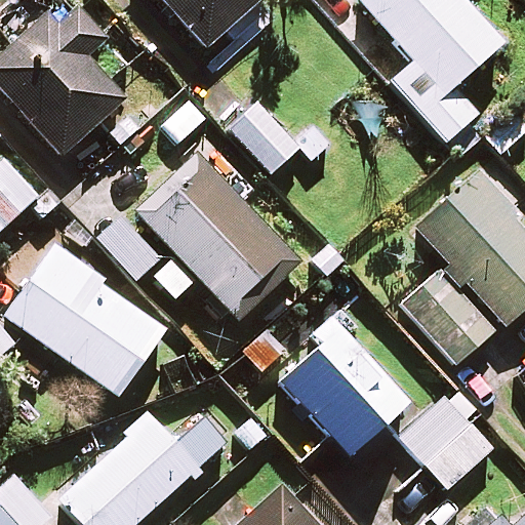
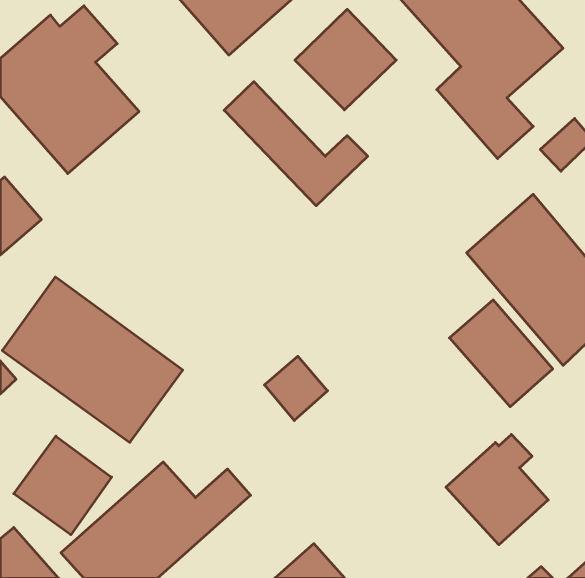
building: none -> [295,9,396,110]
building: [135,155,298,320] -> none
building: [282,315,411,456] -> none
building: none -> [14,436,112,535]

